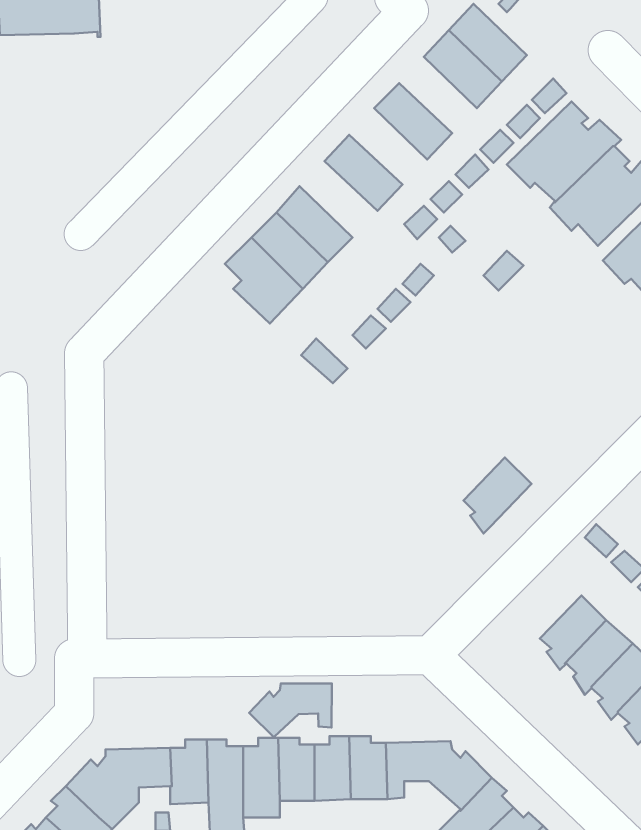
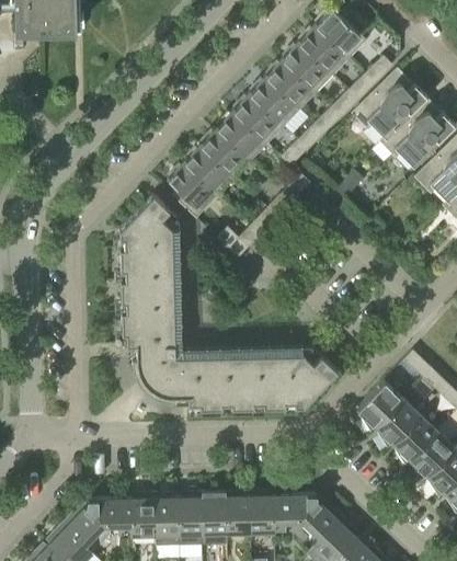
building: none -> [283,43,334,93]
building: none -> [250,77,301,127]
building: none -> [217,112,269,162]
building: none -> [121,195,339,409]
building: [463,457,531,534] -> [358,381,403,432]
building: [249,684,332,738] -> none

